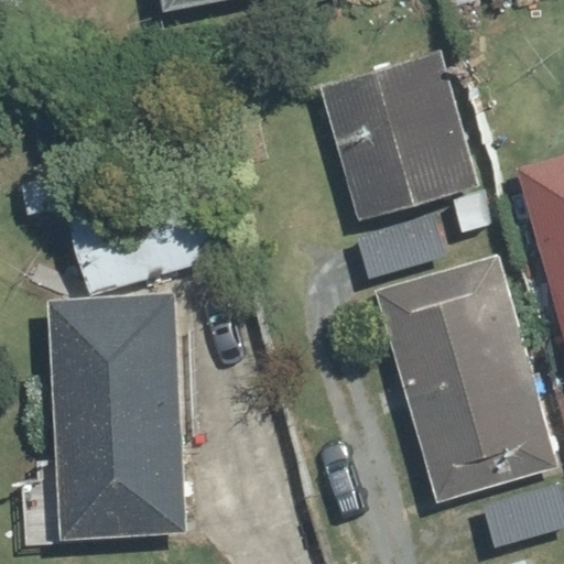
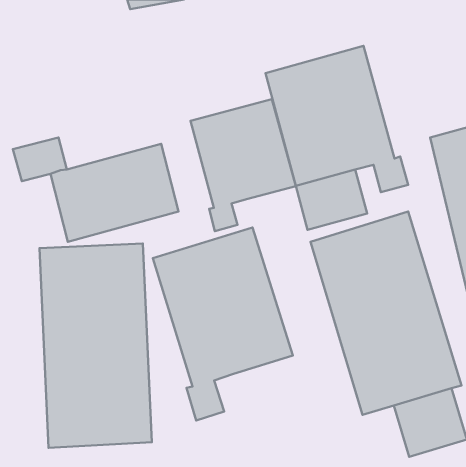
building: none -> [191,99,296,231]
building: none -> [153,228,293,420]

